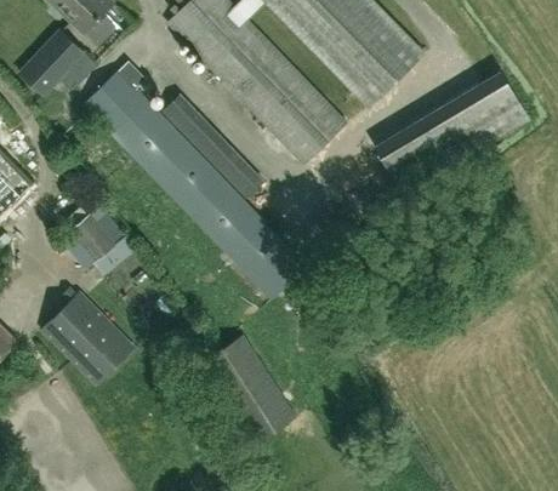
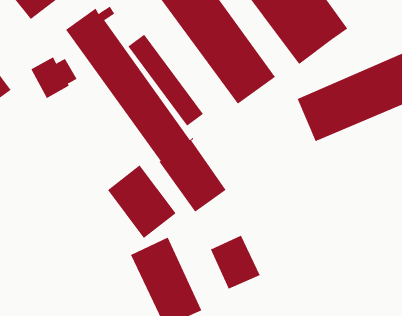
building: [68,212,126,264] -> [30,56,78,99]
building: [44,296,131,384] -> [107,165,176,239]
building: none -> [210,235,261,290]

